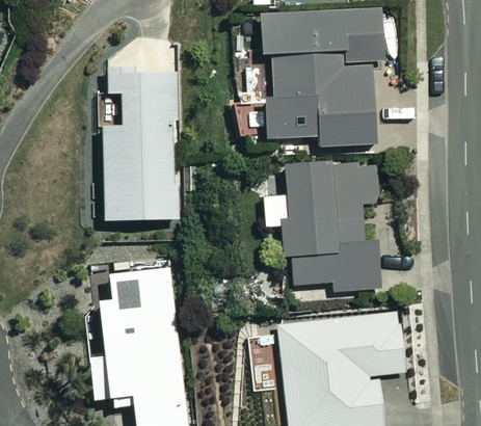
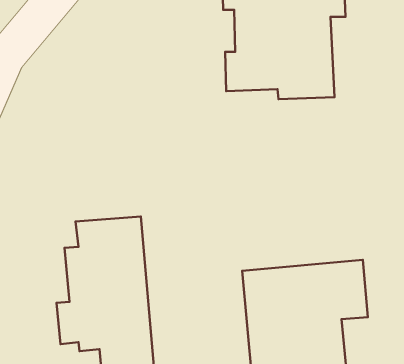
building: [102,72,184,219] -> none
building: [266,162,379,290] -> none

